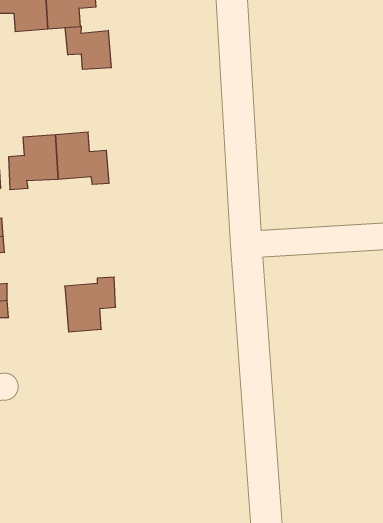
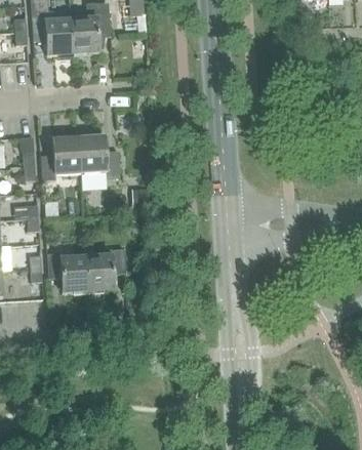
building: [65,26,111,69] -> none
building: none -> [47,251,89,293]

